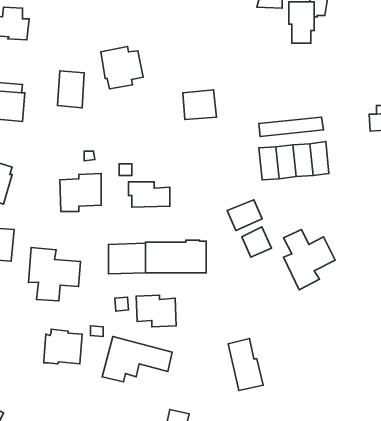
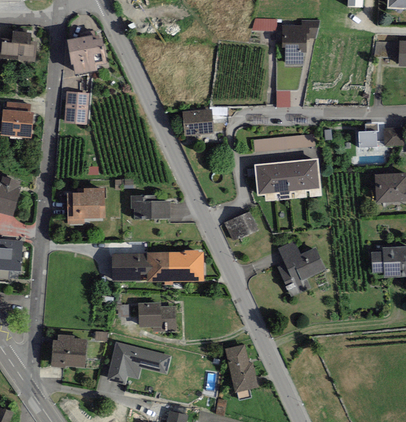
building: [101,47,143,89] -> [67,34,107,74]
building: [242,227,272,257] -> none
building: [29,247,81,301] -> none

